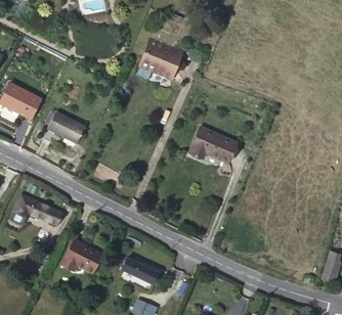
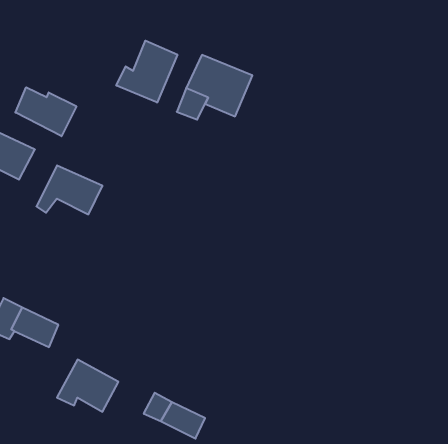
building: none -> [116,41,177,103]
building: none -> [15,87,76,136]
building: [189,125,238,161] -> none

